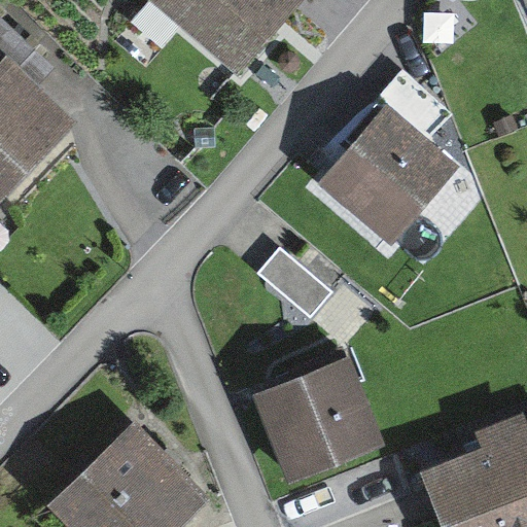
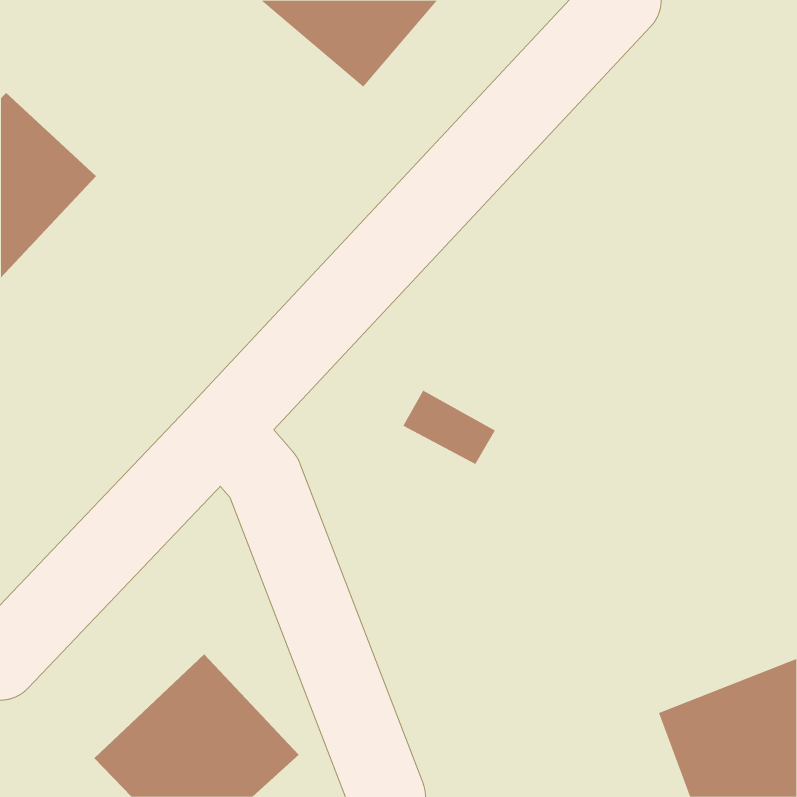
building: [329,109,450,230] -> none
building: [265,364,373,464] -> none

